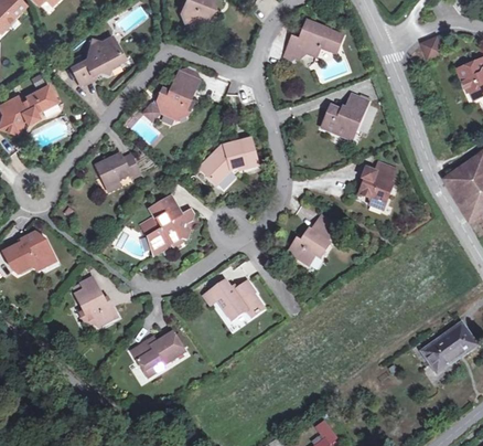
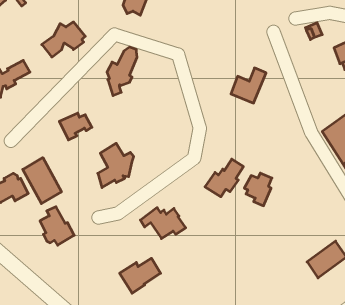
building: [286,19,344,59] -> none
building: [198,137,258,187] -> none
building: [358,164,395,208] -> [244,173,272,206]
building: none -> [23,158,61,204]
building: [130,329,184,375] -> [120,258,161,293]

